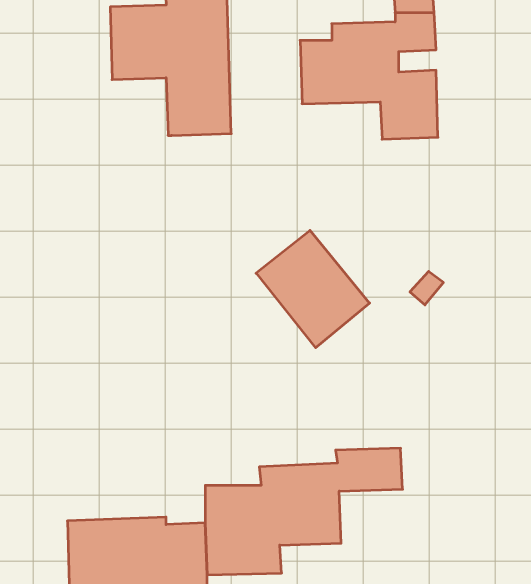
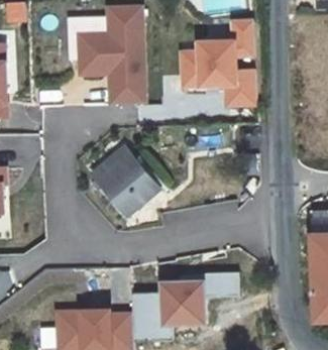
building: [256,230,370,348] -> [93,147,154,211]

